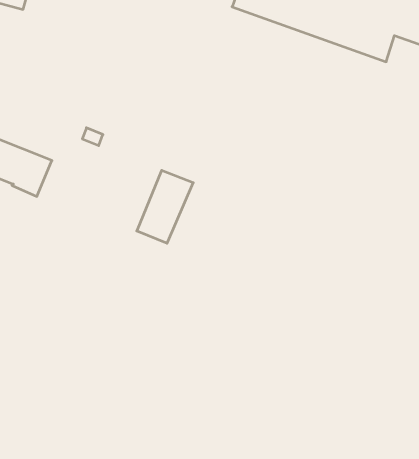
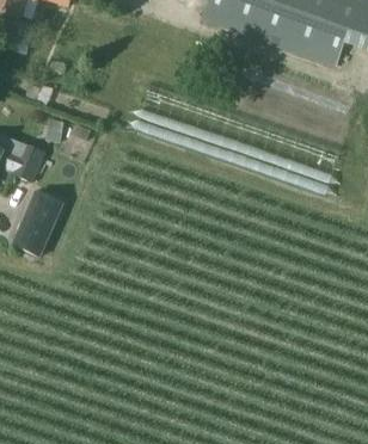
building: [137,170,193,243] -> [11,191,60,254]

